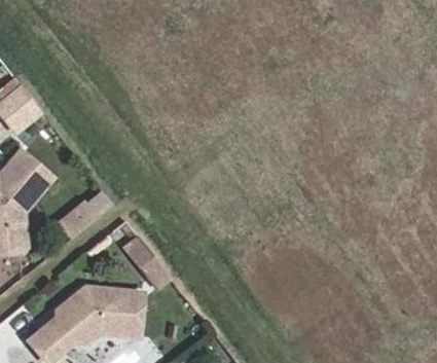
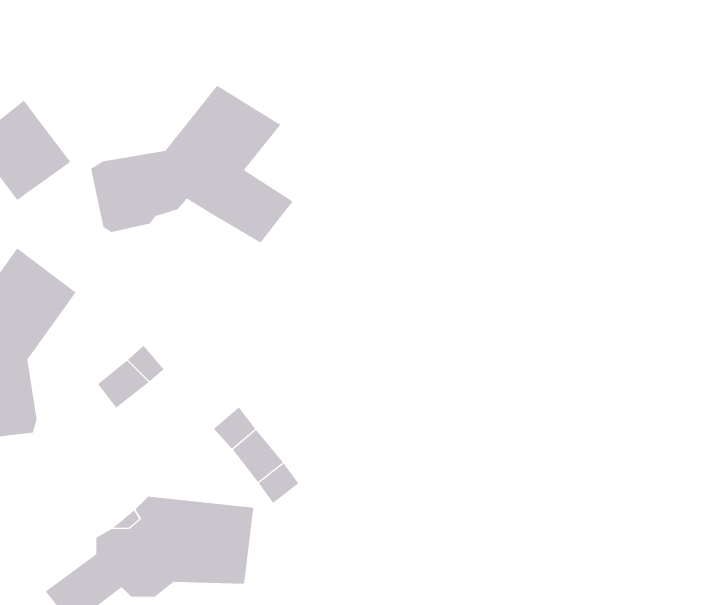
building: none -> [91,85,293,243]

